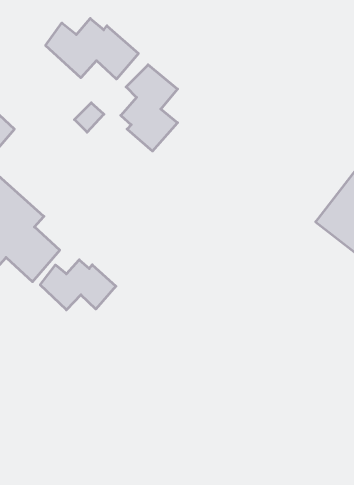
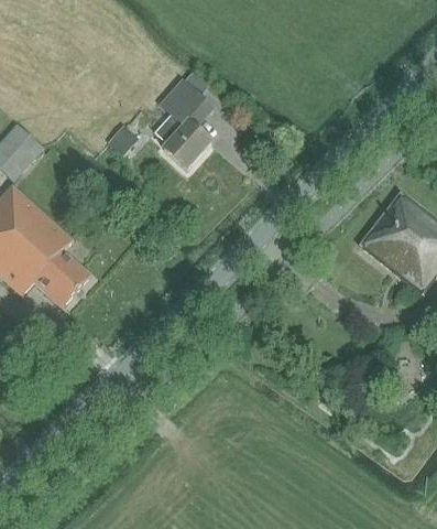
building: [46,18,138,79] -> none
building: [40,260,116,310] -> none

